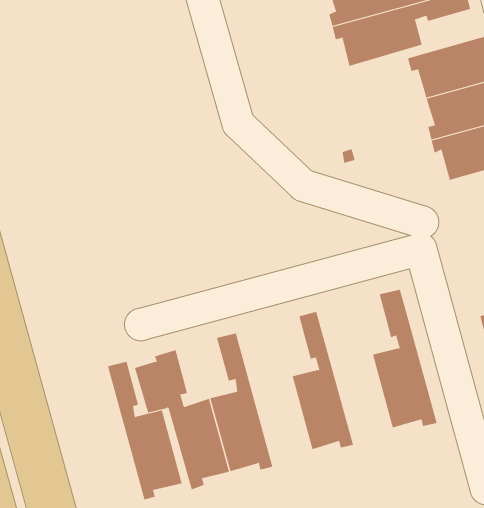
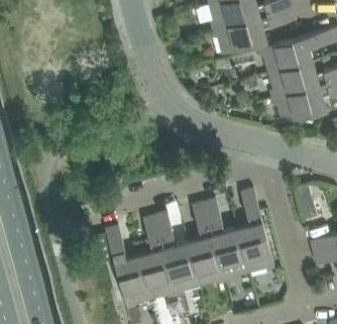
building: none -> [203,199,248,283]
building: [107,361,182,500] -> [154,212,200,296]

